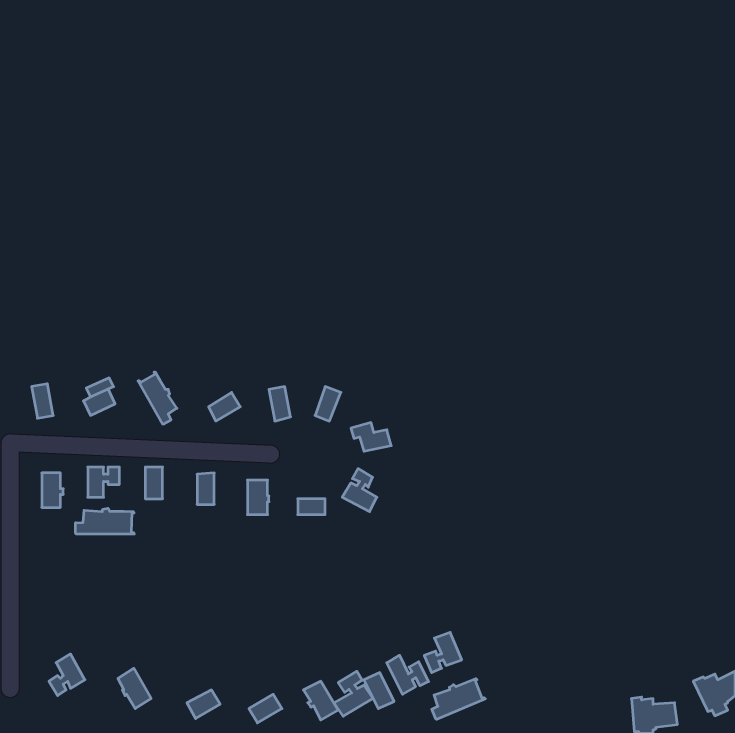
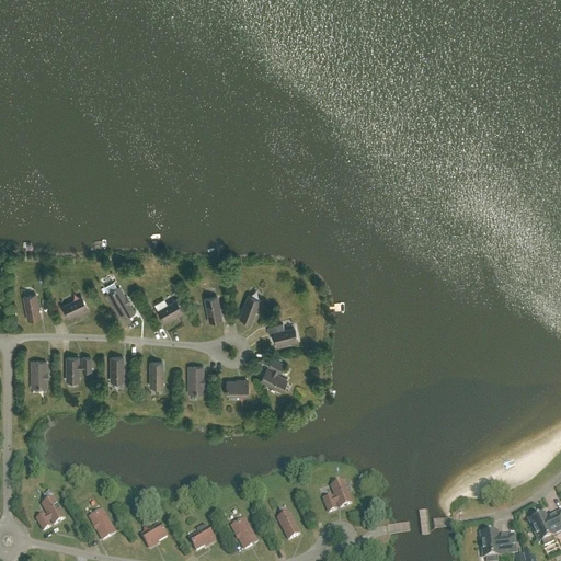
building: [75,508,134,534] -> none
building: [387,655,429,694] -> none
building: [334,671,373,716] -> none
building: [432,679,485,719] -> none

